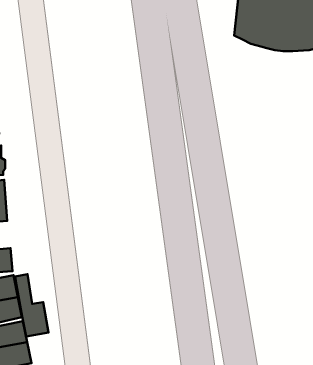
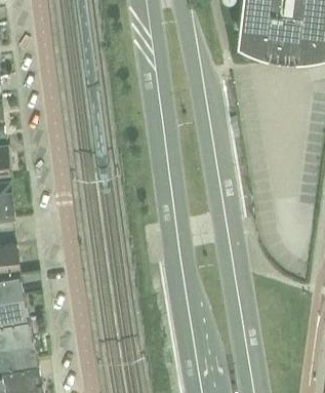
building: [15,274,48,336] -> none

